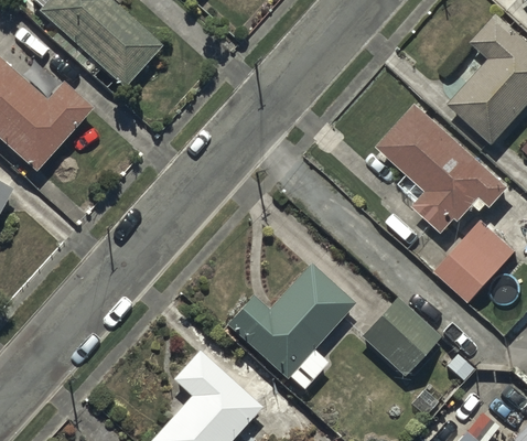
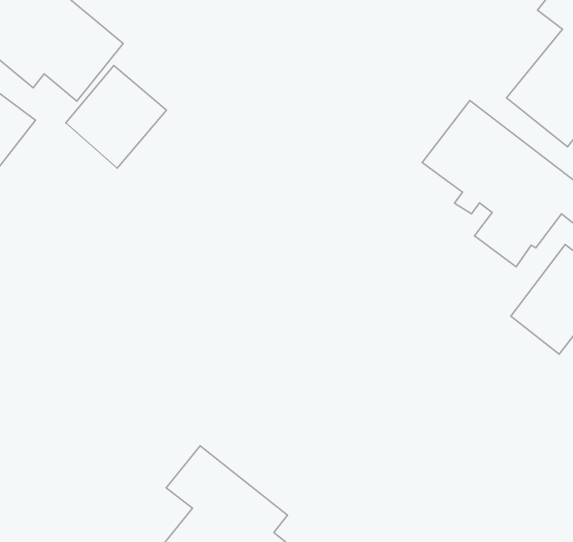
building: none -> [66,66,167,168]
building: [226,263,354,388] -> none
building: [359,298,440,377] -> none

